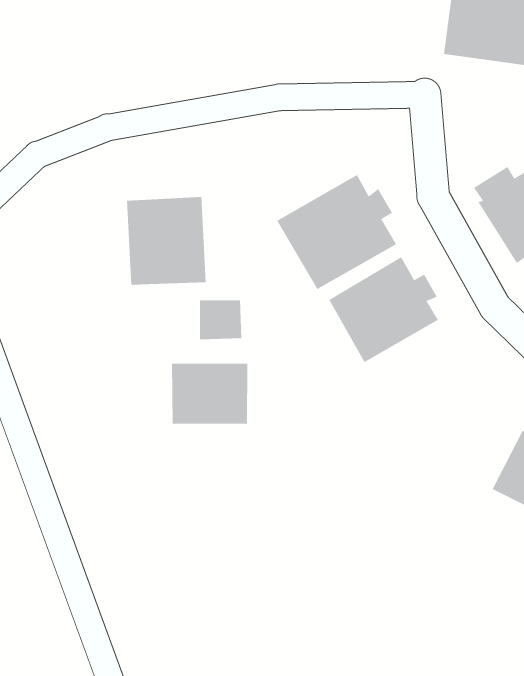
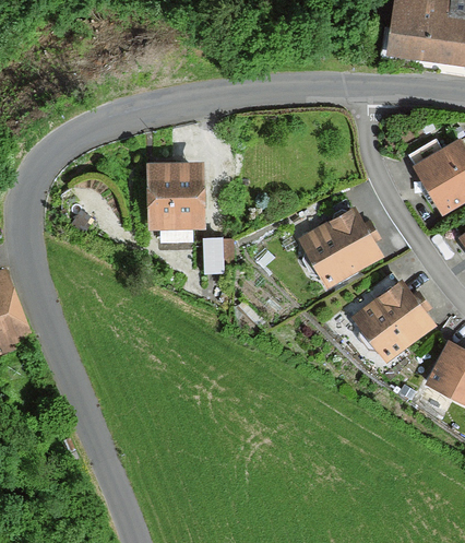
building: [277,174,397,290] -> none
building: none -> [350,281,436,363]
building: [171,363,248,425] -> none

